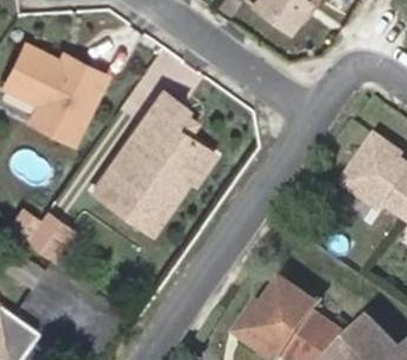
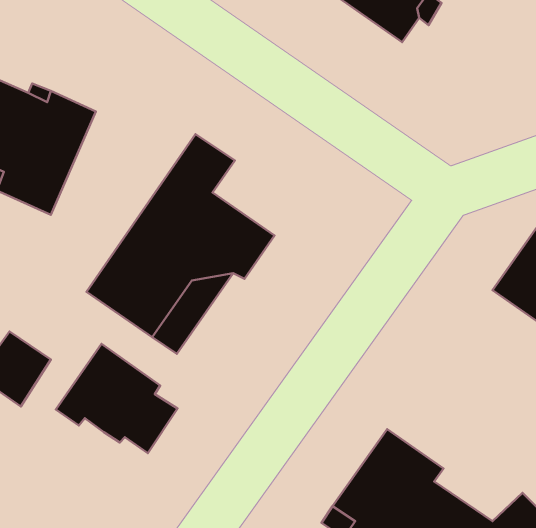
building: none -> [56,344,178,453]

